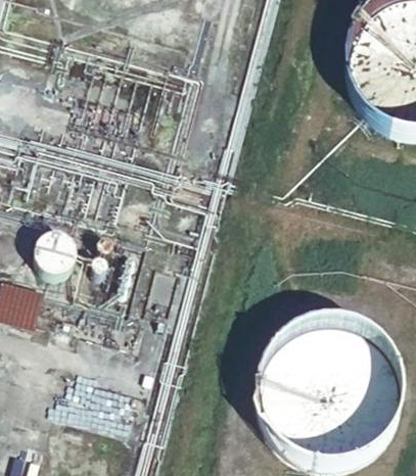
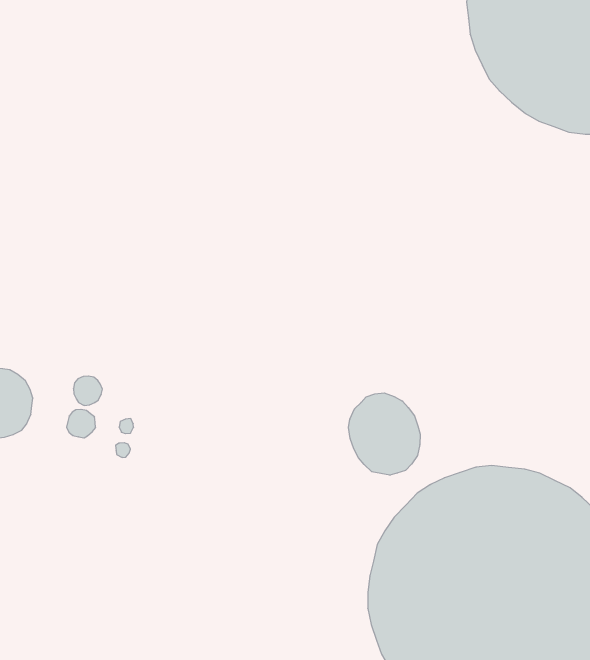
building: none -> [348,393,420,475]

